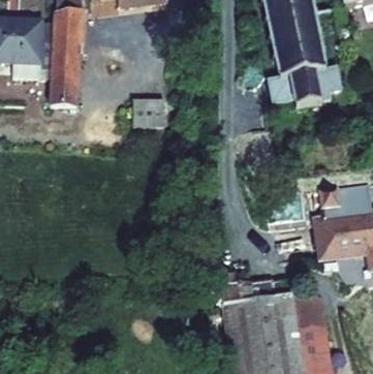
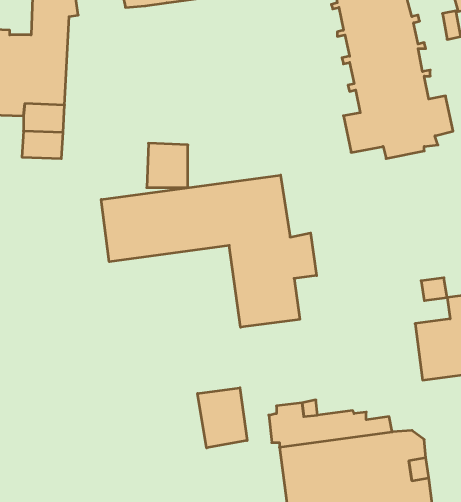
building: none -> [101,175,317,327]
building: none -> [198,388,247,448]

